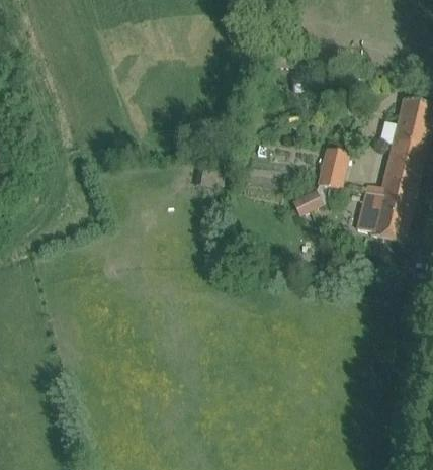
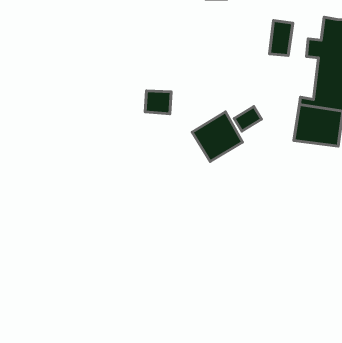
building: [317,147,346,187] -> [270,21,293,56]
building: none -> [192,112,243,161]

